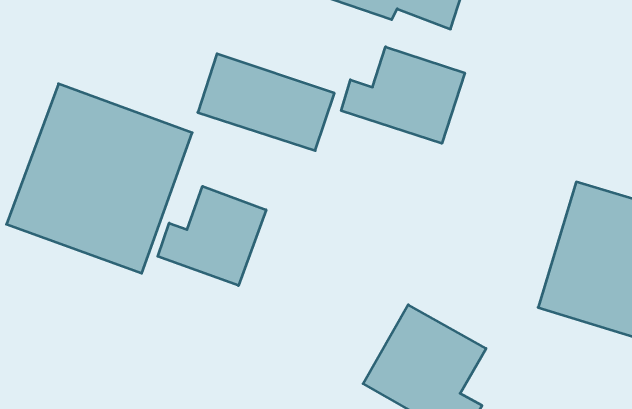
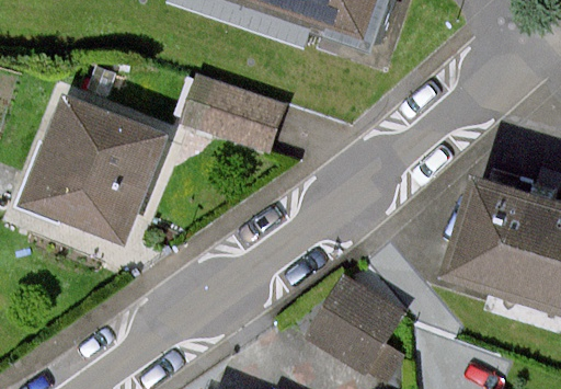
building: [341,47,465,143] -> none
building: [158,186,266,286] -> none

